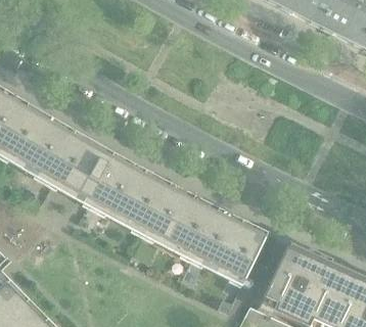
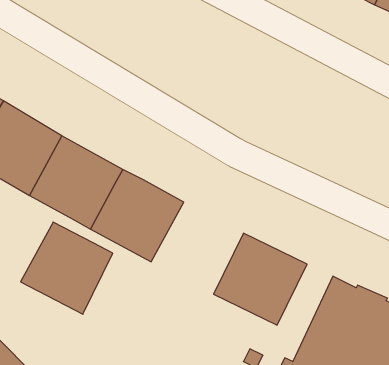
building: [144,185,217,258] -> [21,222,113,314]

